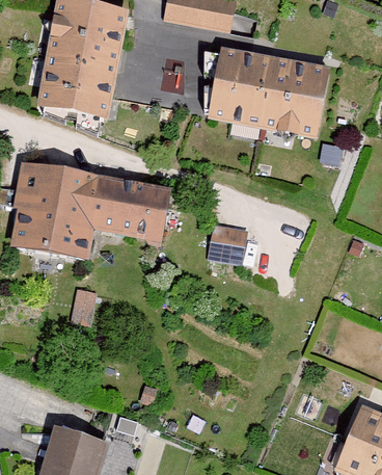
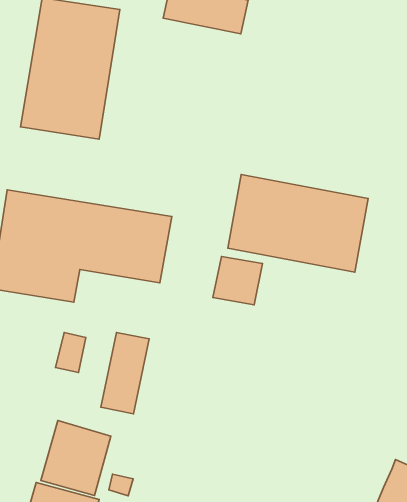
building: [208,56,328,140] -> [228,174,368,272]
building: none -> [101,332,149,414]
building: none -> [41,421,111,495]

